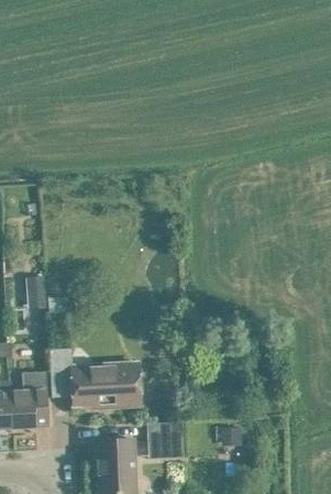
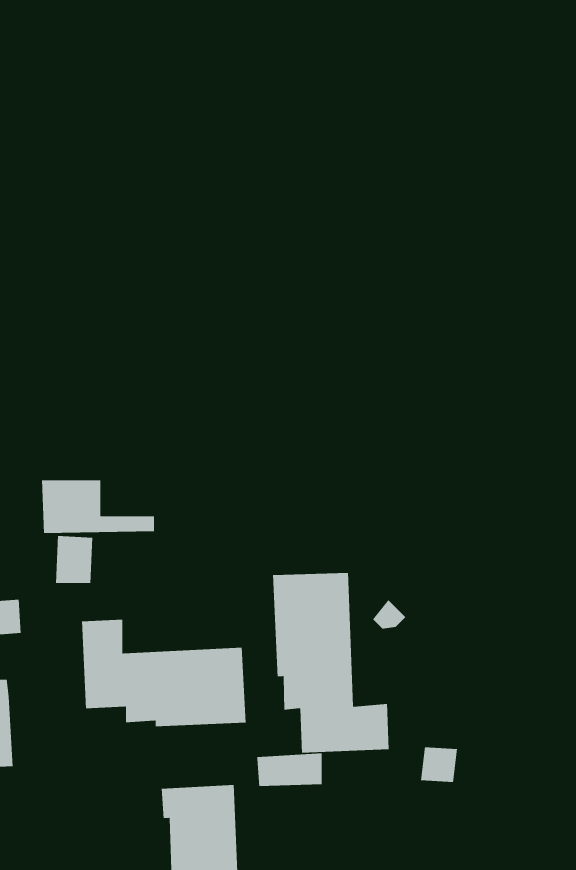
building: none -> [273,572,389,754]
building: [9,371,47,429] -> none

